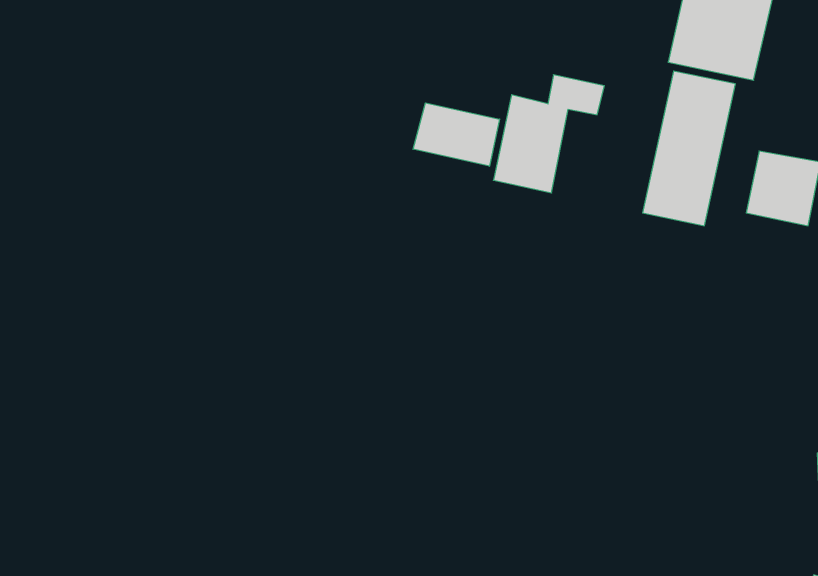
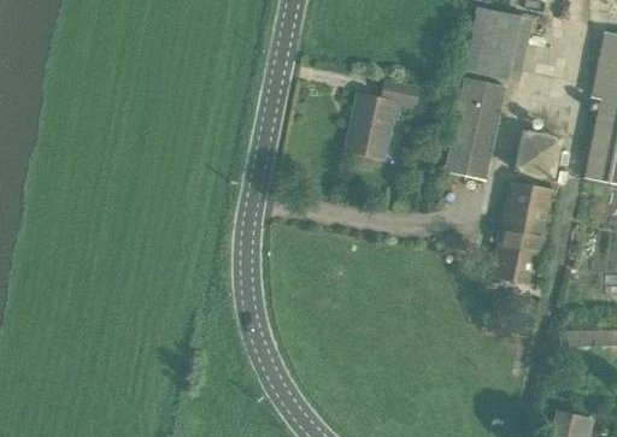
building: [413,103,500,166] -> none
building: none -> [490,179,553,284]

